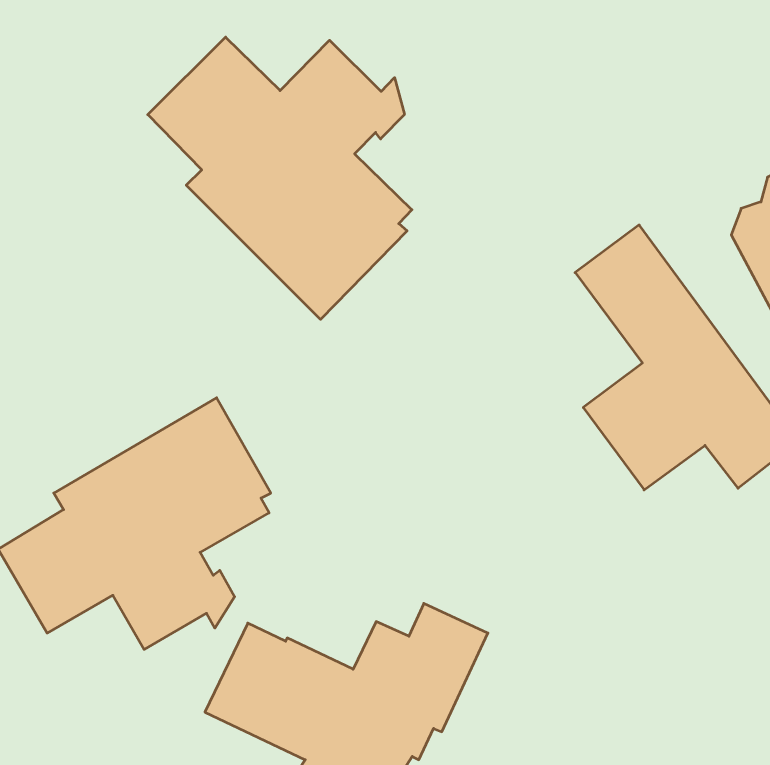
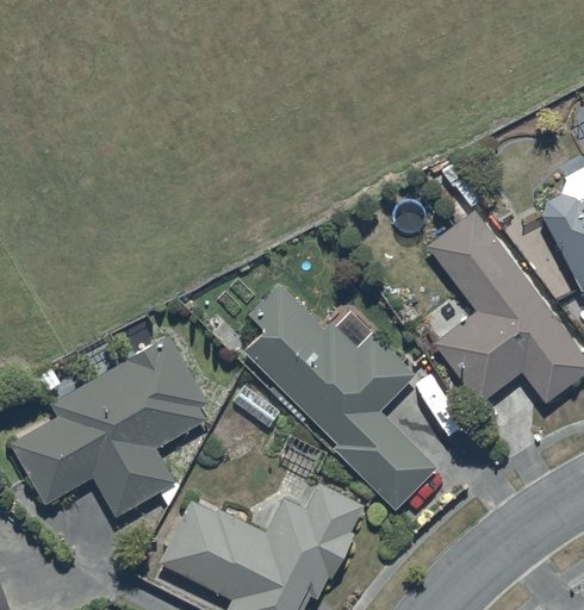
building: [148,37,412,319] -> none
building: none -> [247,284,436,510]

